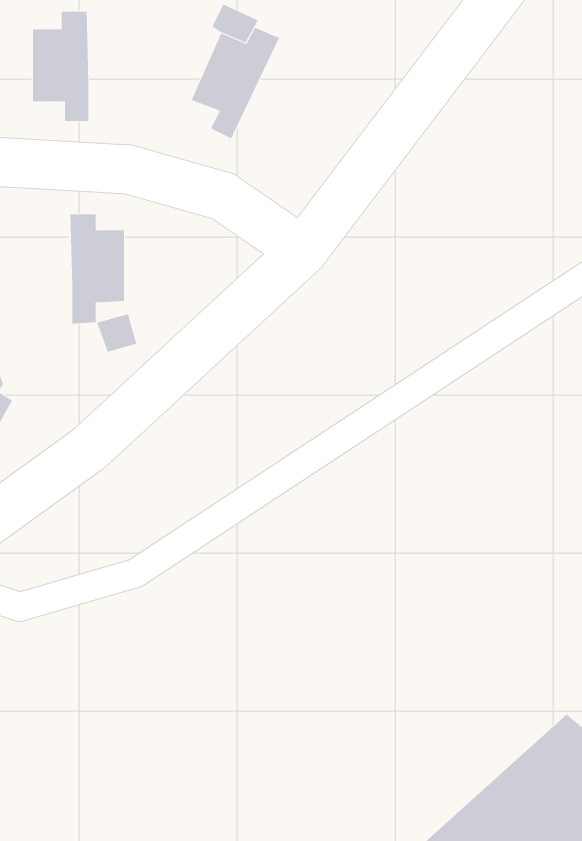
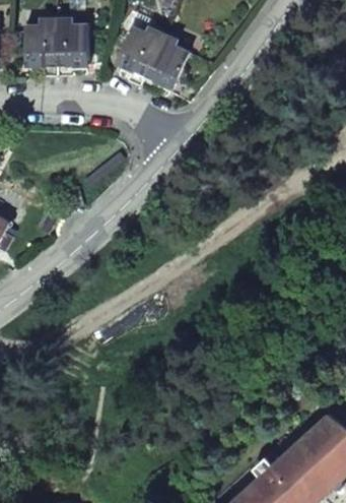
building: none -> [138,28,189,92]
building: [70,214,125,324] -> [56,13,87,76]

